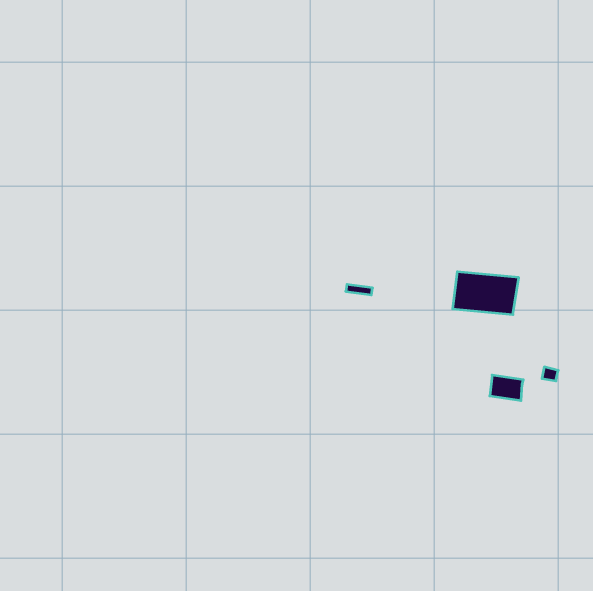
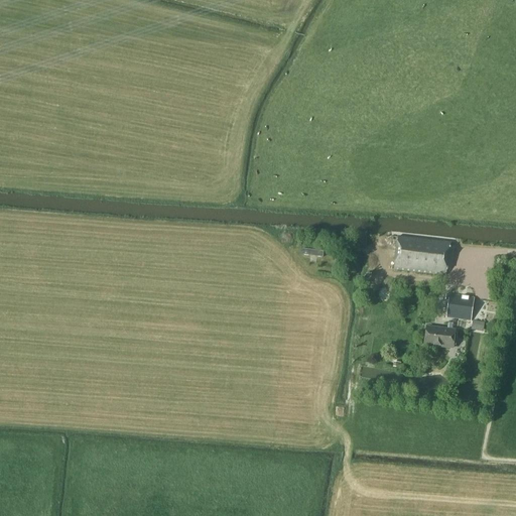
building: none -> [446,292,474,319]

